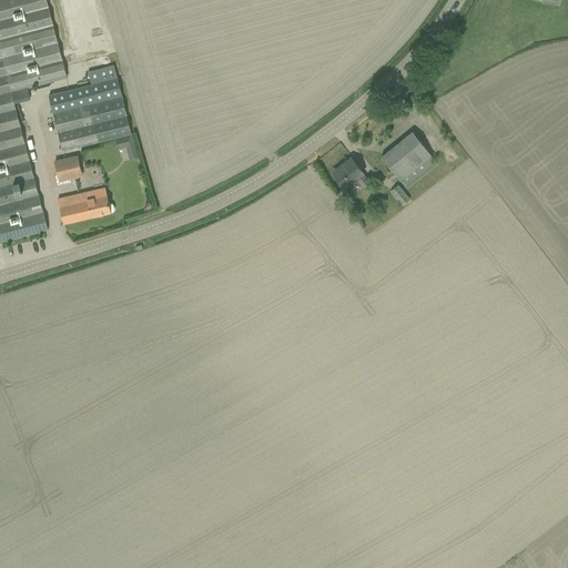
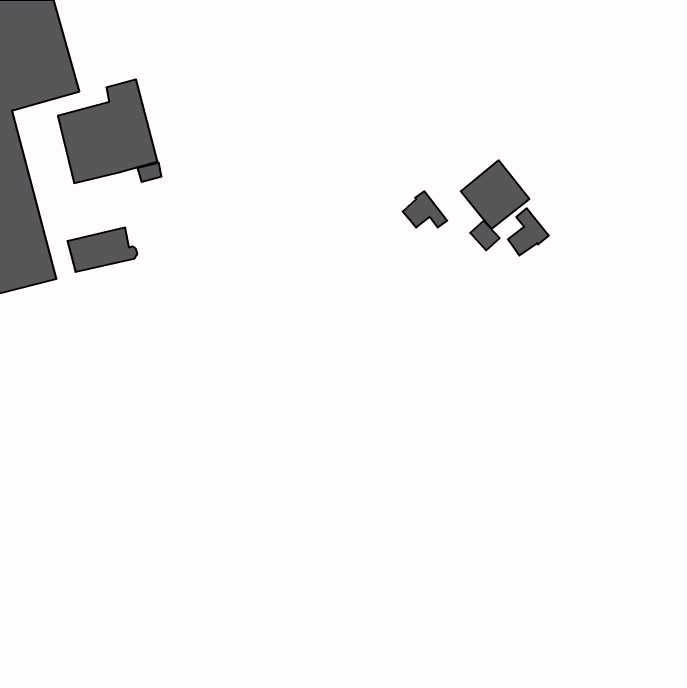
building: [53,155,80,182] -> none
building: none -> [508,208,549,256]

